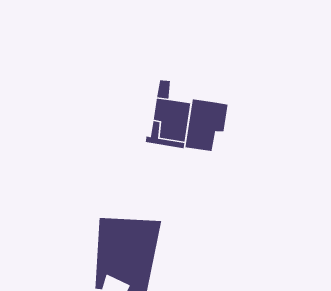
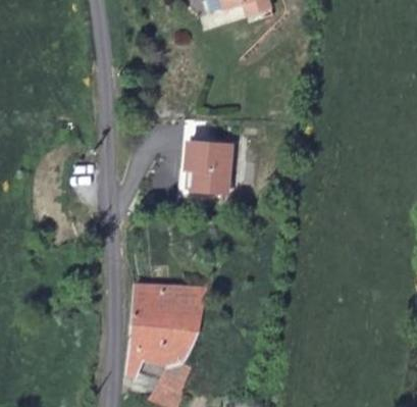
building: [185,98,228,152] -> none

